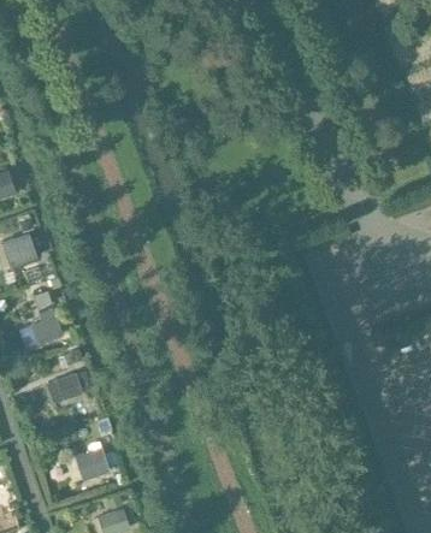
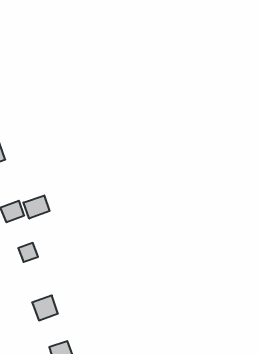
building: none -> [23,195,50,219]

